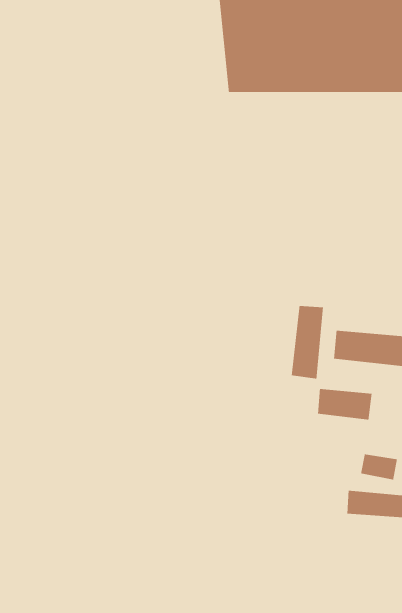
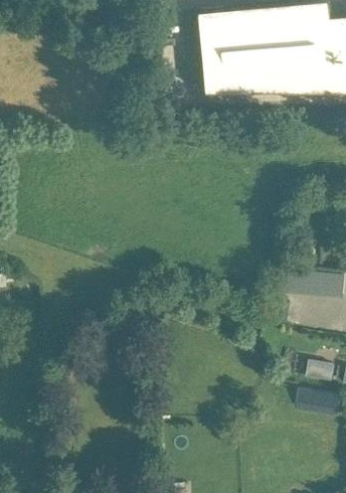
building: [291,305,324,379] -> none
building: [317,388,373,420] -> none

